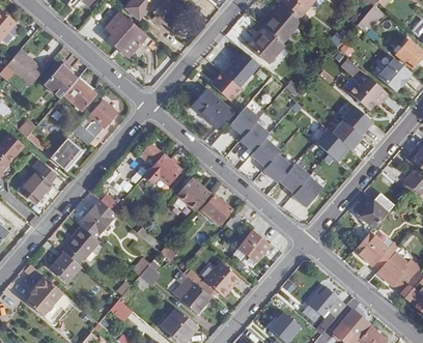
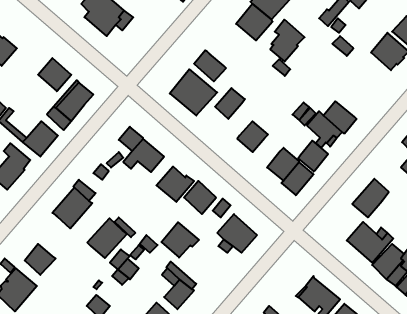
building: [225,47,257,86] -> [270,20,305,62]
building: [45,64,78,98] -> none
building: [349,74,387,110] -> none
building: [341,104,372,134] -> none
building: [239,121,269,151] -> none
building: [263,153,291,182] -> [298,141,328,172]
building: [61,227,98,264] -> [87,218,127,258]
building: [203,260,238,293] -> [161,222,199,258]

